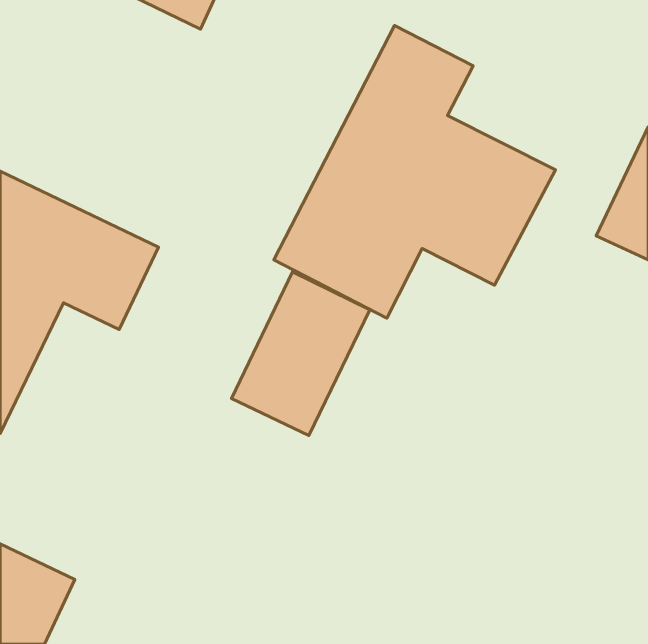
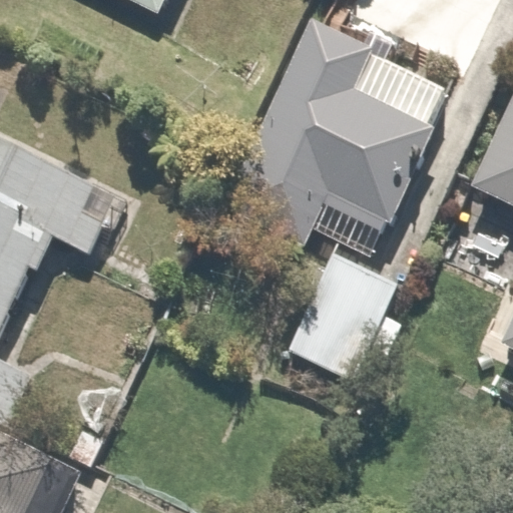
building: [232,272,370,435] -> [276,247,385,377]

